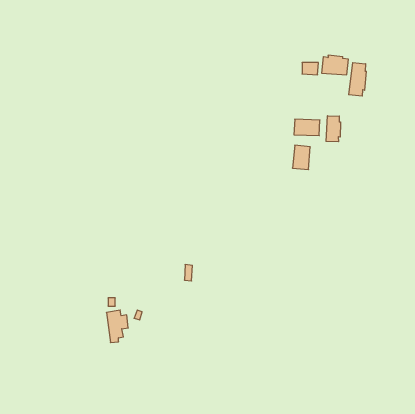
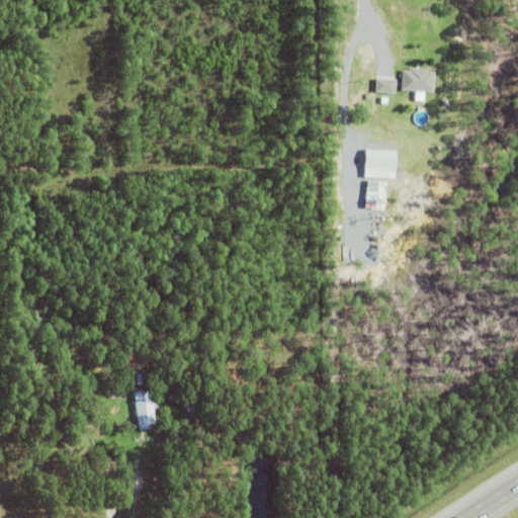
building: [349,63,366,96] -> none
building: [326,116,341,142] -> none

